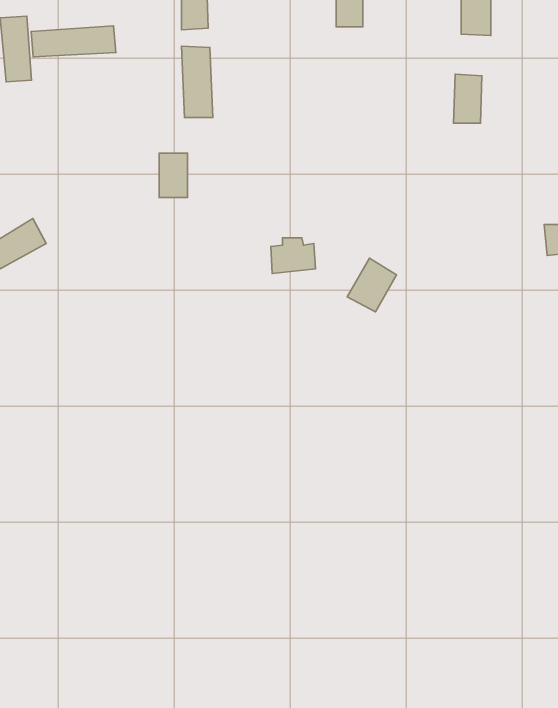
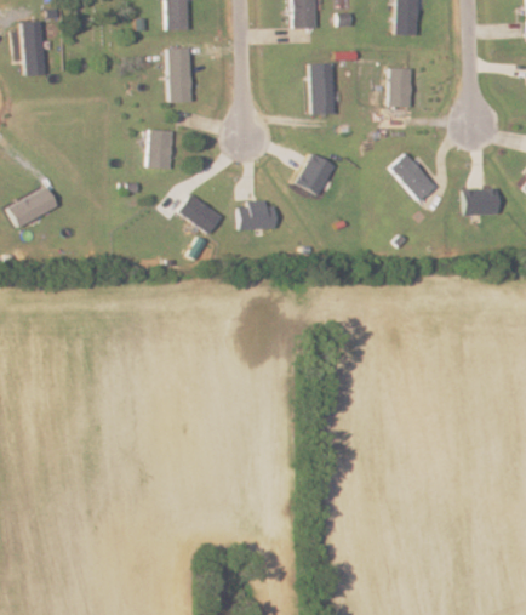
building: [31,26,116,57] -> none
building: none -> [309,61,336,114]
building: none -> [390,154,435,201]
building: none -> [177,192,223,232]
building: [347,258,396,312] -> [296,152,336,195]

